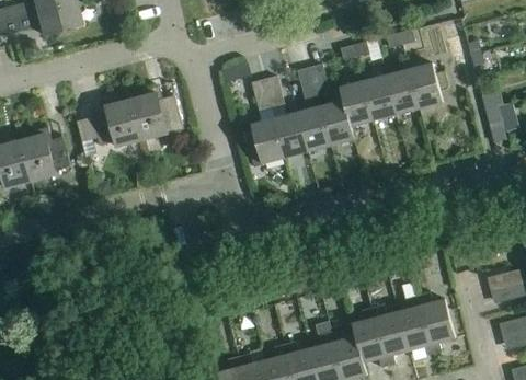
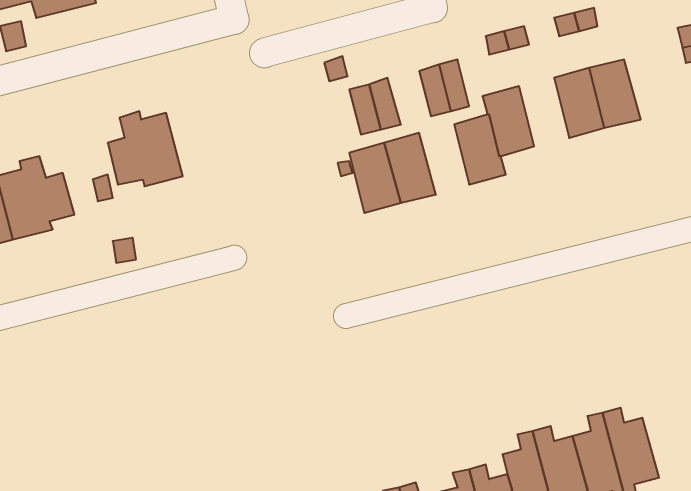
building: [363,74,396,119] -> none
building: [130,84,182,139] -> none
building: [297,105,330,151] -> none

